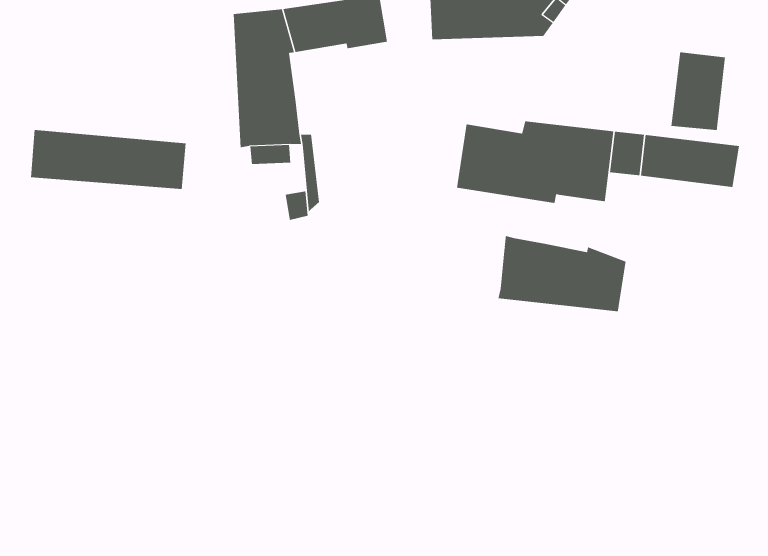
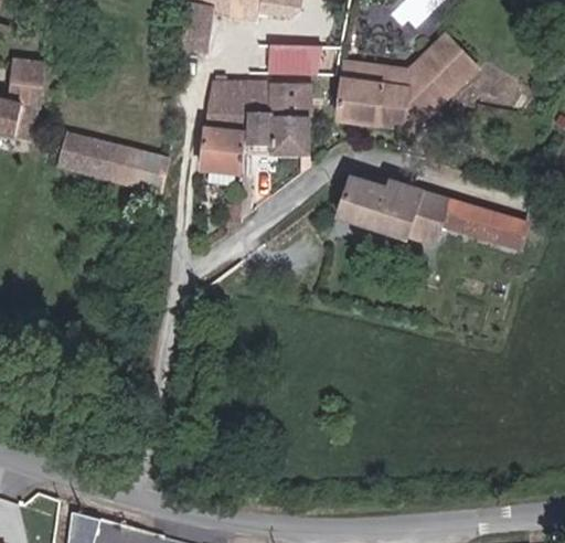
building: none -> [243,111,309,152]
building: [671,51,726,131] -> none
building: [498,235,626,312] -> none

